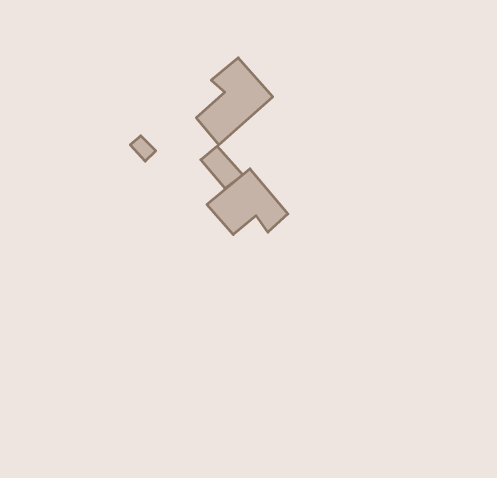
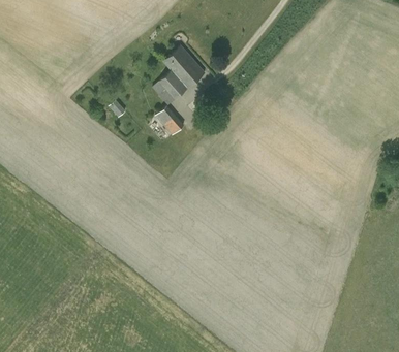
building: [207,169,288,235] -> none

